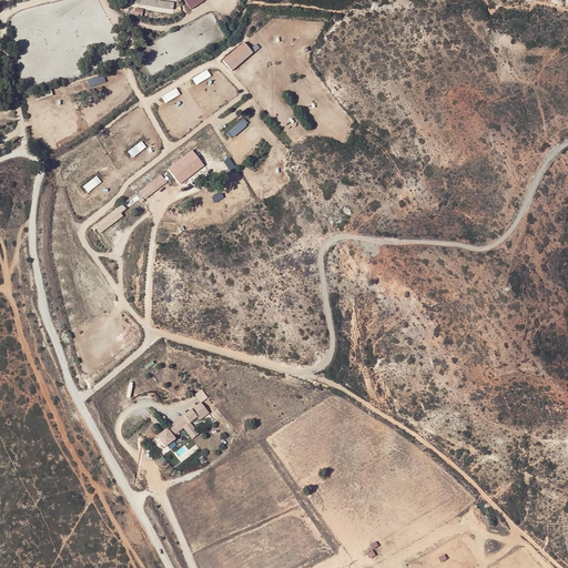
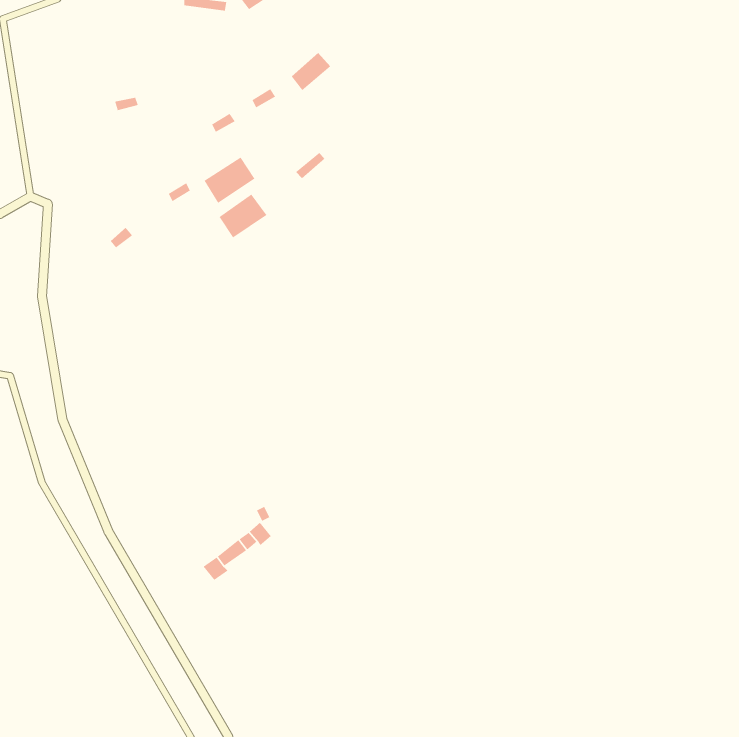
building: none -> [204,157,256,204]

